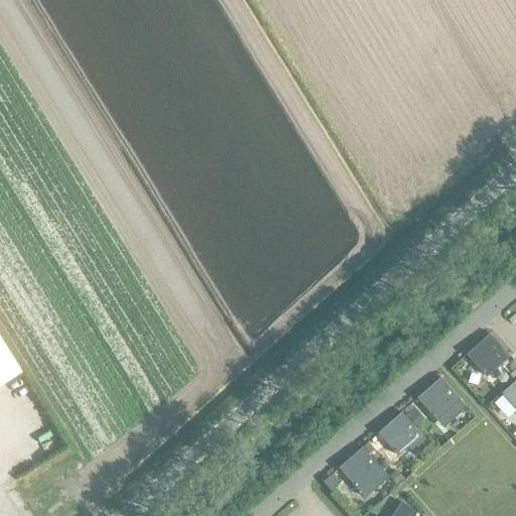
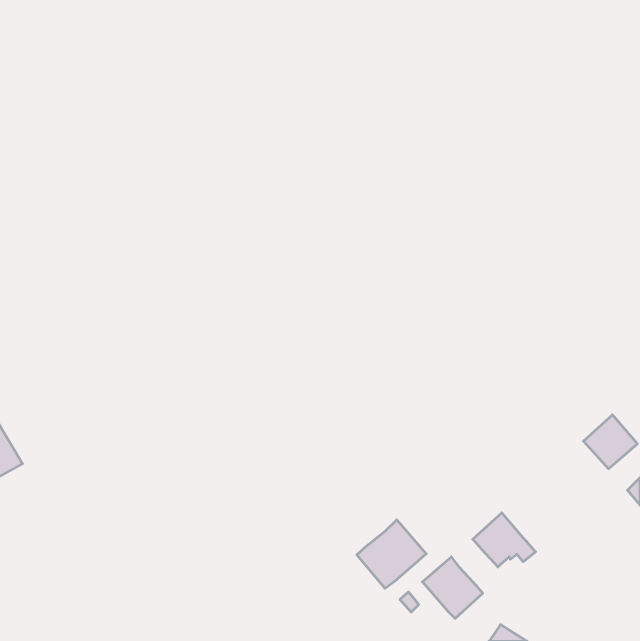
building: [417,376,467,426] -> none
building: none -> [357,520,426,588]

